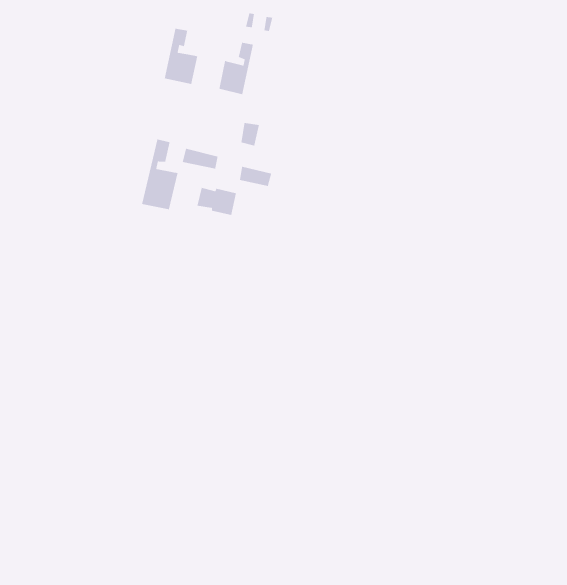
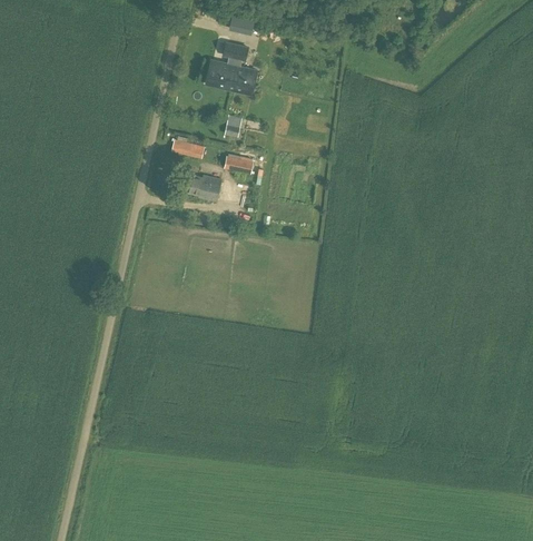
building: [164,28,198,85] -> [227,42,258,95]
building: [141,138,179,210] -> none

